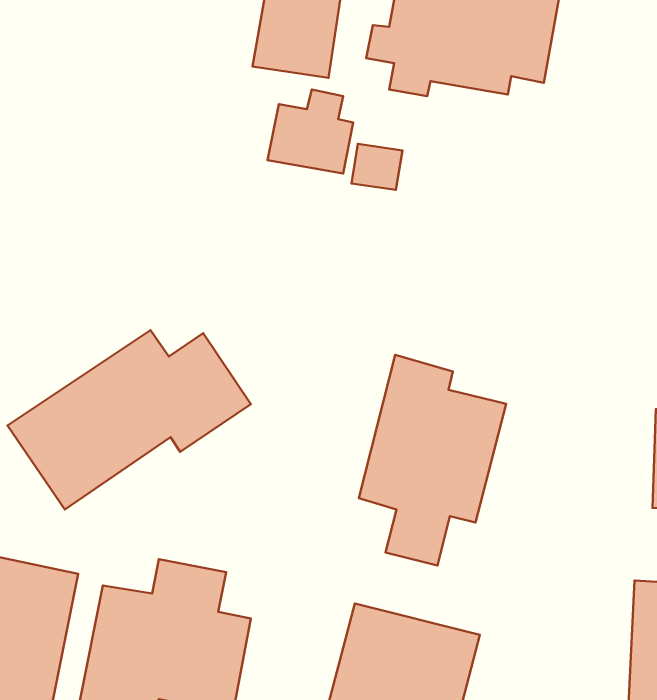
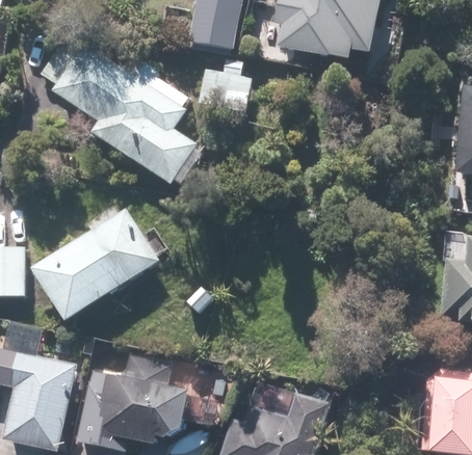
building: none -> [55,36,200,185]
building: [359,355,506,565] -> none

